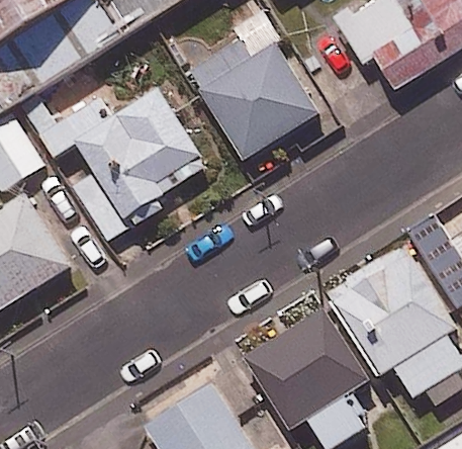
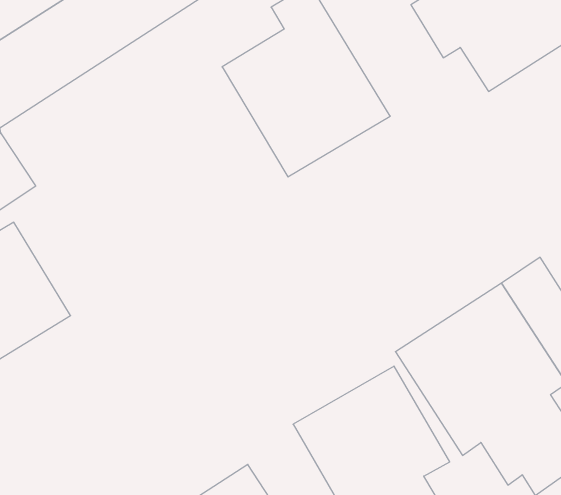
building: [28,86,206,243] -> none

